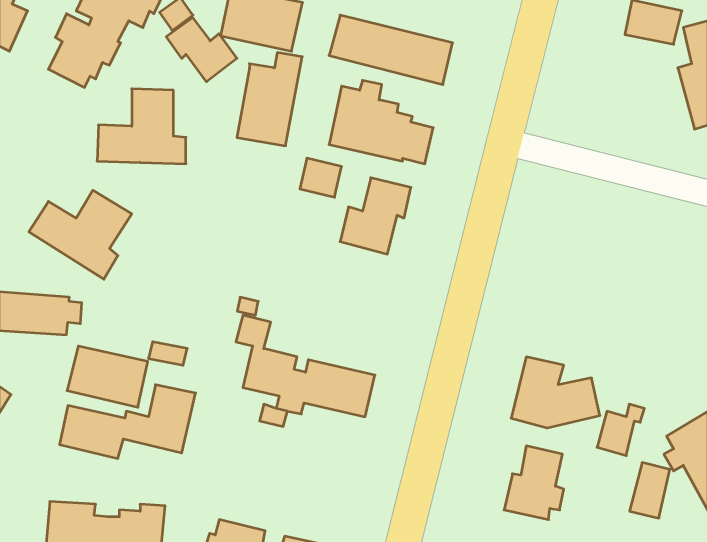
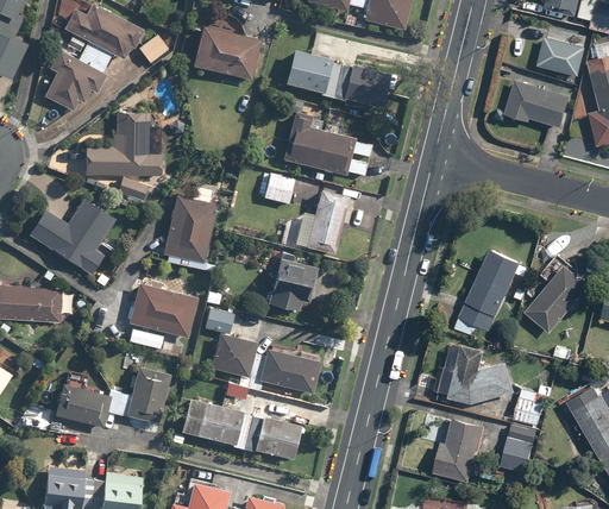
building: [166,17,237,82] -> none
building: none -> [504,80,569,125]
building: [237,53,302,146] -> [163,183,219,263]
building: none -> [115,175,149,201]
building: none -> [454,247,530,337]
building: none -> [262,256,316,310]
building: none -> [526,263,590,332]
building: [67,346,148,407] -> [127,283,196,335]
building: none -> [180,397,301,460]
building: [630,463,670,518] -> [502,423,536,471]

